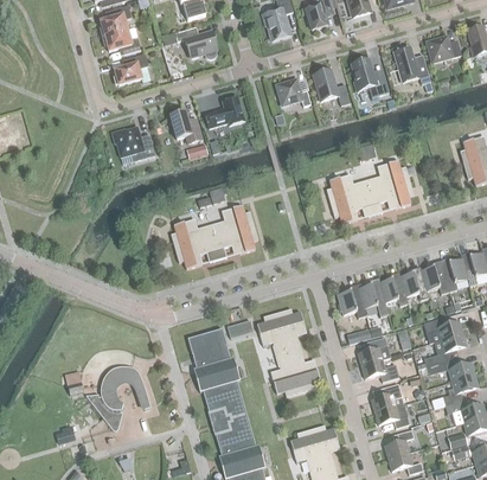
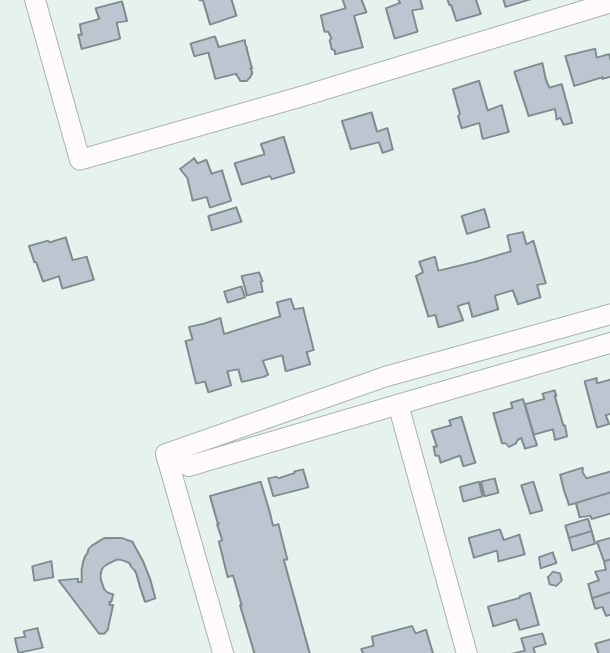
building: [101,28,140,53] -> none
building: [114,52,148,84] -> none
building: [313,69,350,104] -> none
building: [111,126,155,160] -> [29,237,94,288]
building: [419,260,448,293] -> none
building: [358,277,387,315] -> none
building: [256,307,320,395] -> none
building: [357,335,390,365] -> none
building: [371,383,403,411] -> none

